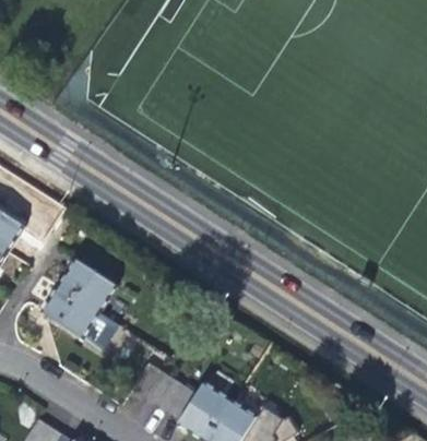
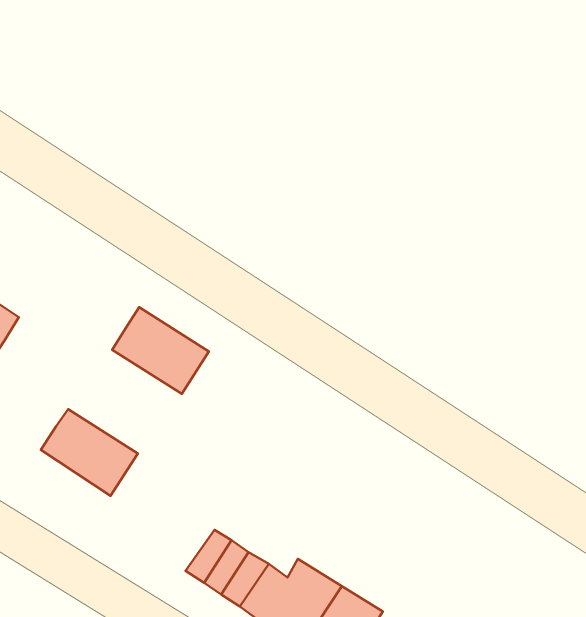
building: [57,259,119,314] -> [112,307,209,394]

